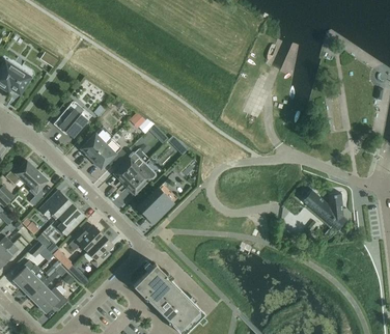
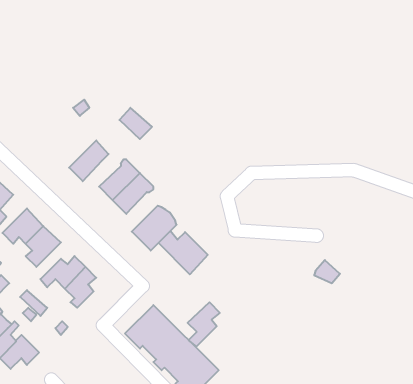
building: [53,102,91,138] -> none
building: [80,129,111,160] -> none
building: [307,193,346,231] -> none
building: none -> [158,231,208,274]
building: none -> [188,302,220,347]

